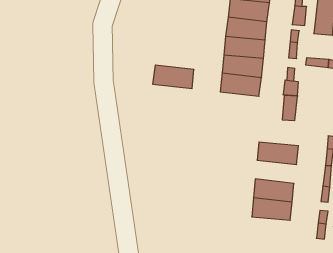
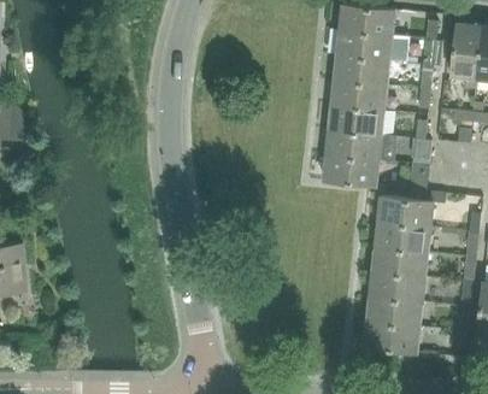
building: [153,65,194,89] -> [323,154,378,186]
building: none -> [378,196,434,227]
building: none -> [374,246,429,277]
building: none -> [365,322,421,352]

